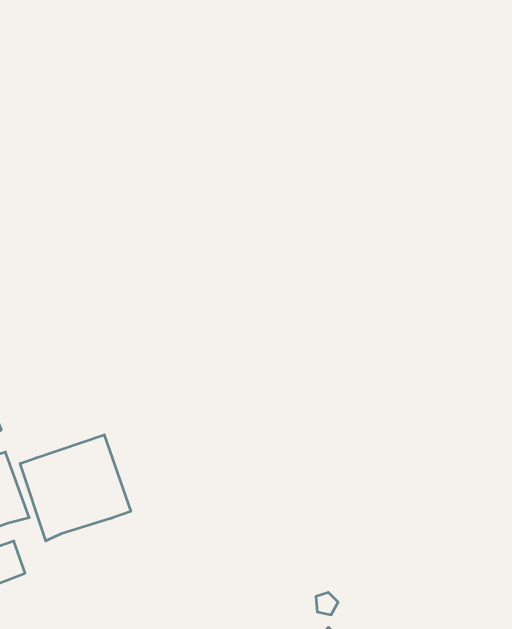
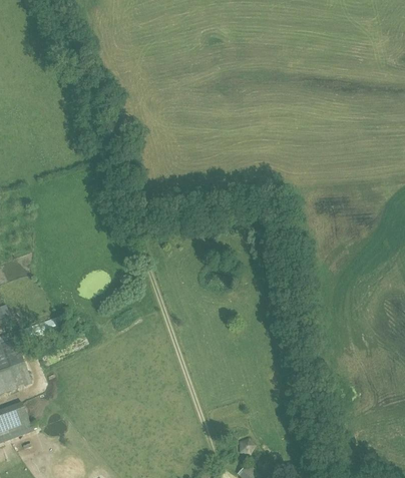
building: [20,435,131,541] -> none

